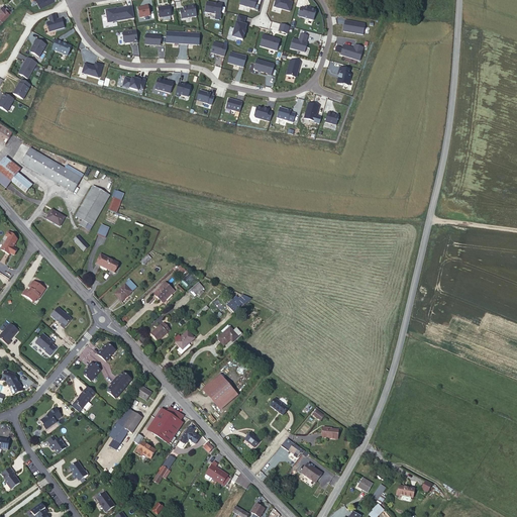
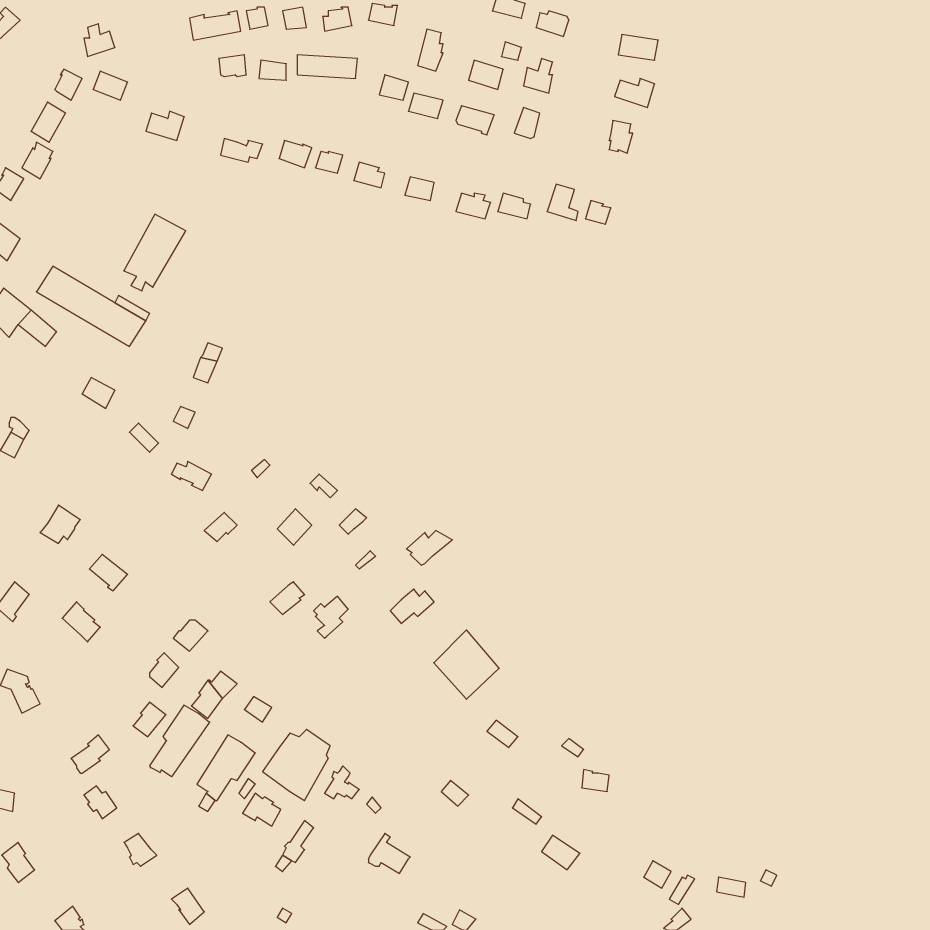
building: [75,185,109,227] -> [124,214,186,291]
building: [202,371,238,409] -> [434,630,499,699]
building: none -> [150,705,210,777]

